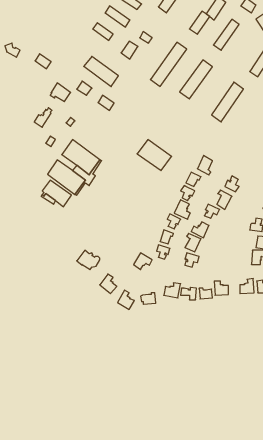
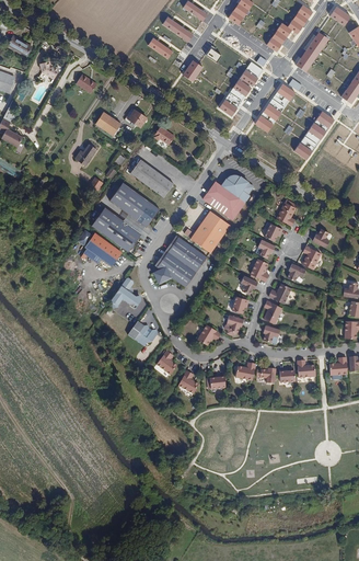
building: [84,56,118,87] -> [130,160,173,197]
building: none -> [221,174,253,202]
building: none -> [189,209,230,252]
building: none -> [153,236,207,286]
building: none -> [112,276,142,307]

